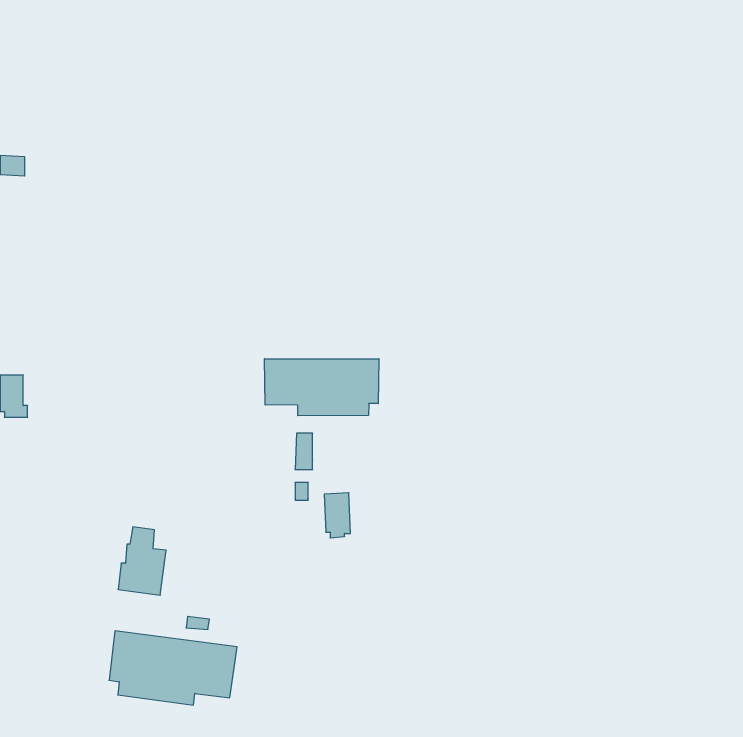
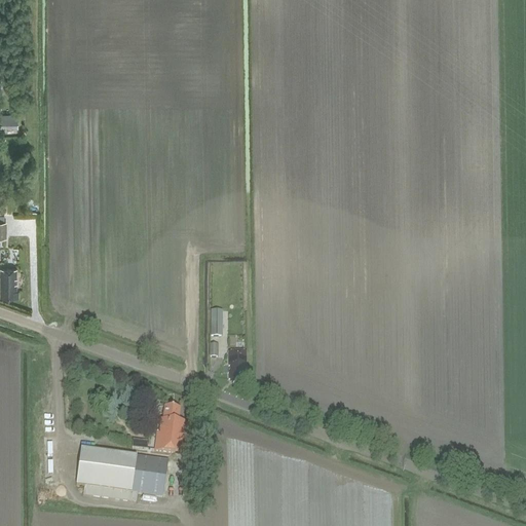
building: [265,359,379,416] -> none
building: [118,527,166,595] -> [154,403,188,451]

